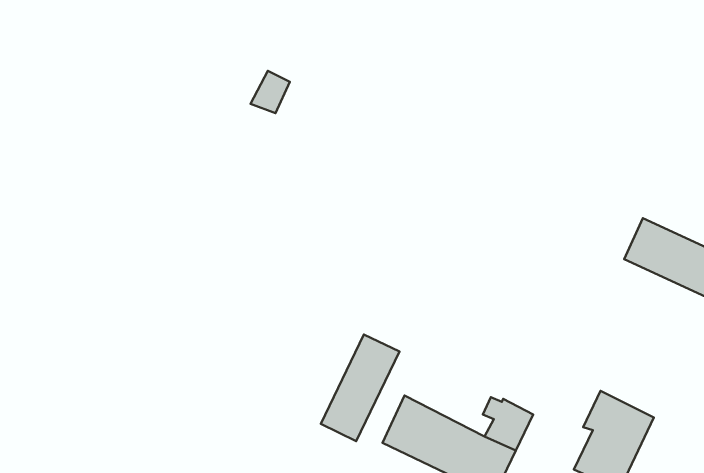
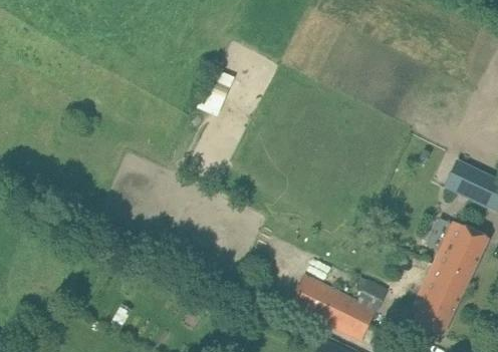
building: none -> [430,222,489,289]
building: [321,334,399,441] -> none

